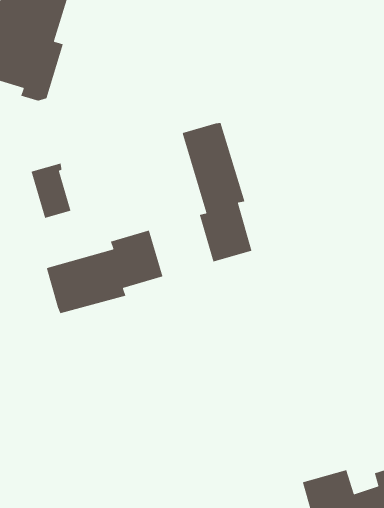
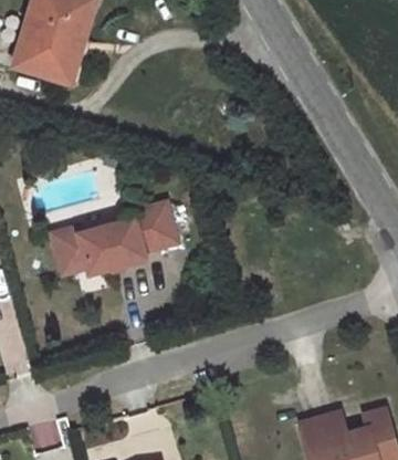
building: [182,122,253,262] -> none
building: [30,162,71,219] -> [52,228,87,276]

